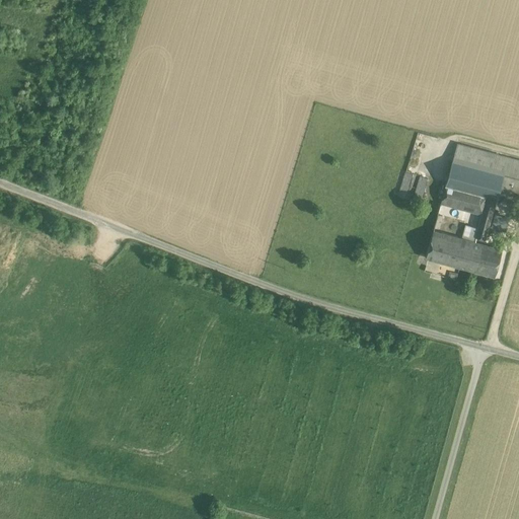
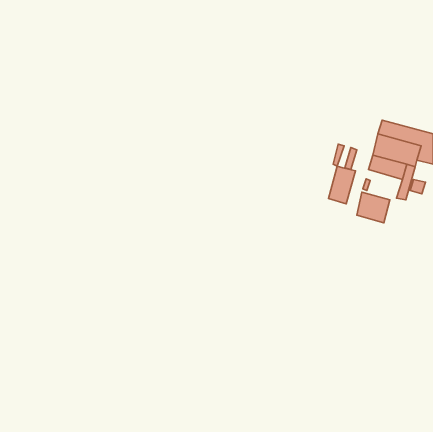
building: none -> [328,166,355,204]
building: [459,240,502,278] -> none

